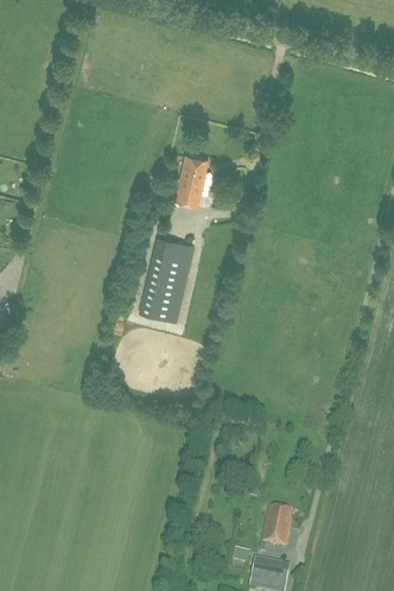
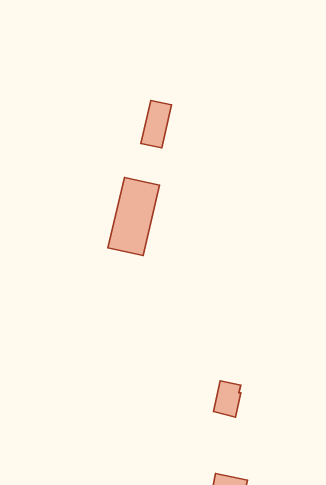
building: [262,508,292,547] -> [213,381,241,417]

